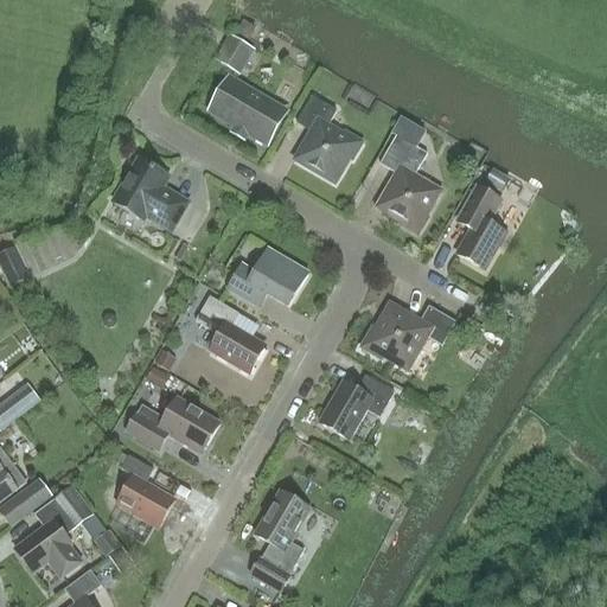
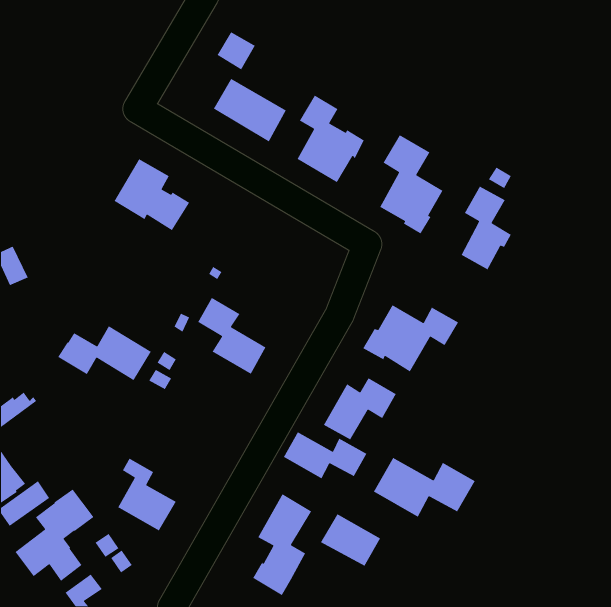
building: [226,247,308,305] -> none
building: [126,396,219,452] -> [57,325,152,381]
building: none -> [283,431,368,479]
building: none -> [373,457,476,518]
building: none -> [320,513,381,567]

